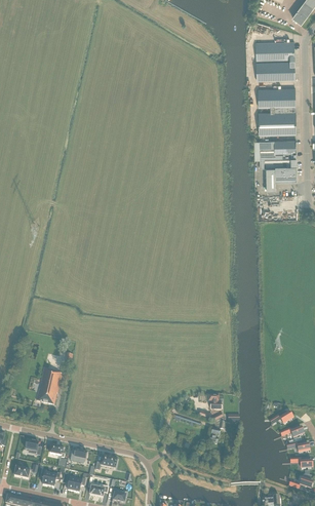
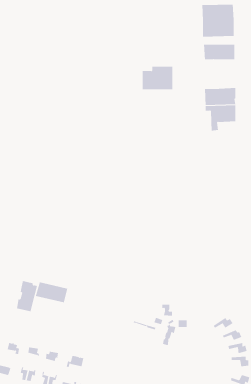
building: [258,107,294,134] -> [142,66,173,90]
building: none -> [35,281,68,303]

